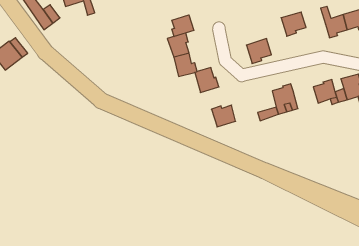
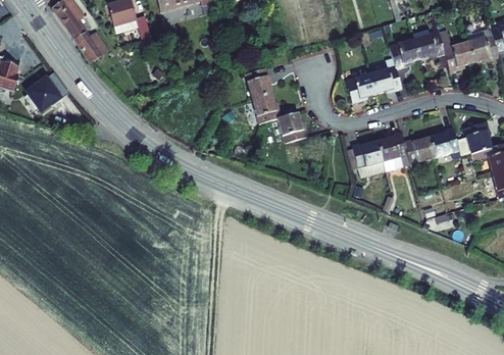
building: none -> [414,32,445,59]
building: [172,15,194,37] -> none
building: none -> [370,66,402,94]
building: none -> [404,135,436,162]
building: [211,105,236,127] -> [352,140,383,167]

